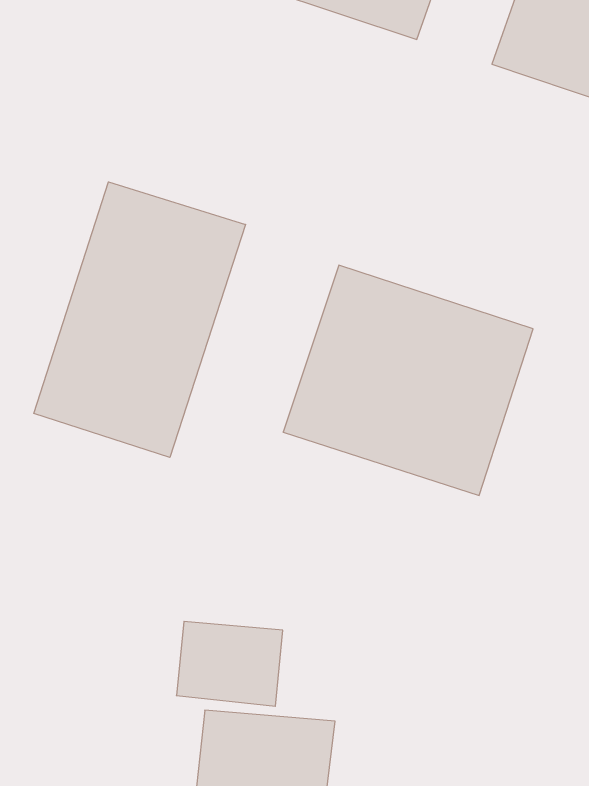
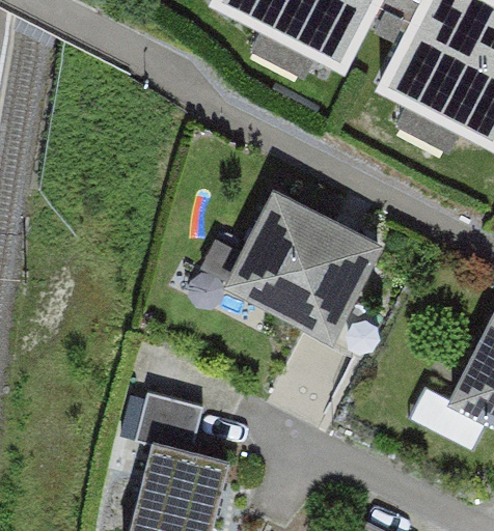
building: [34,182,246,457] -> none

